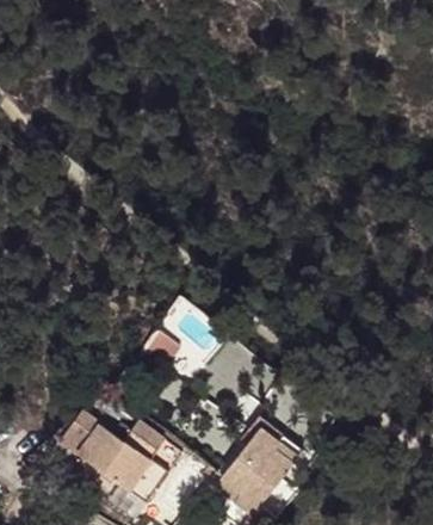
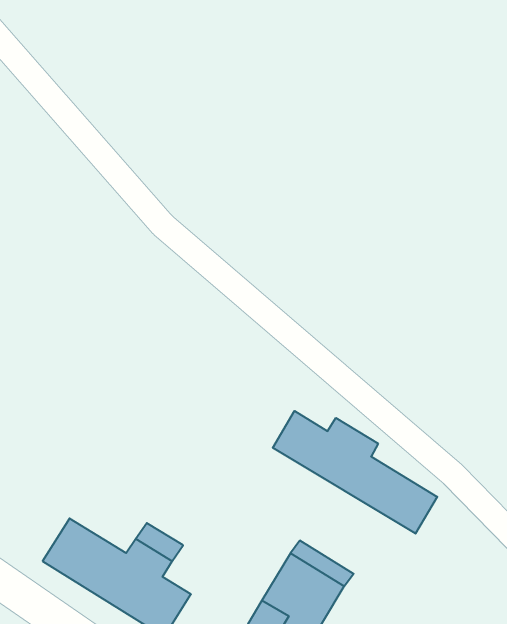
building: none -> [273,411,437,534]

